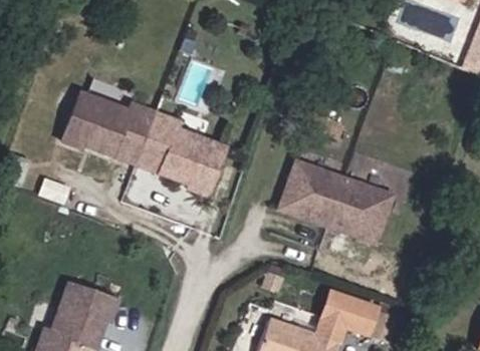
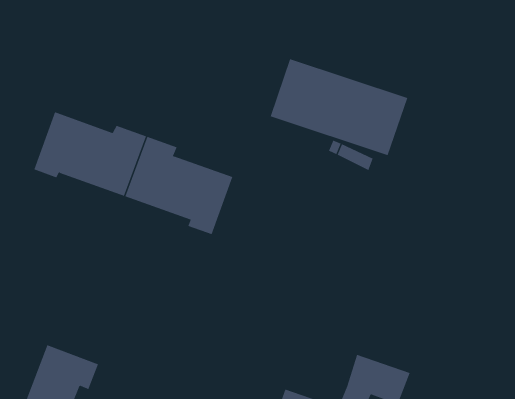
building: [273,160,386,240] -> [270,59,408,156]

